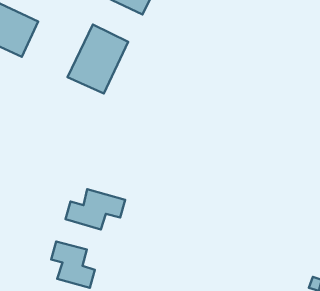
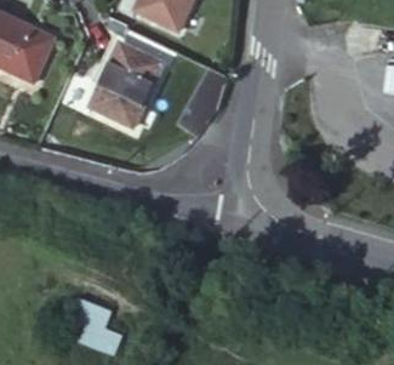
building: [65,189,125,229] -> none

